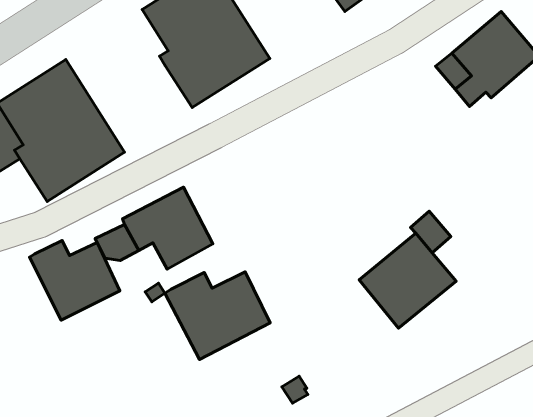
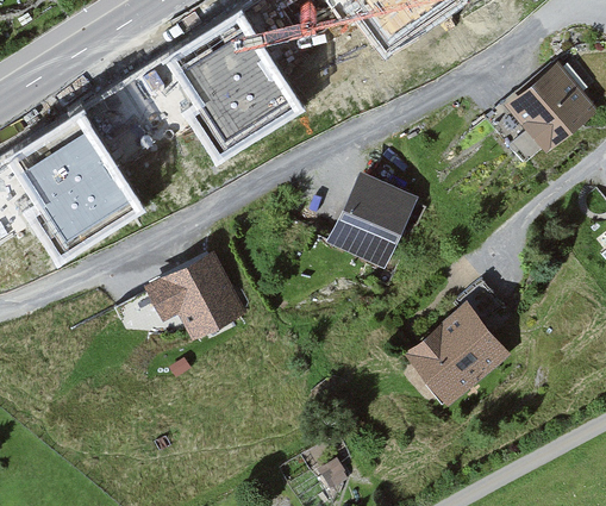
building: none -> [327,171,417,268]
building: [30,241,120,320] -> none
building: [165,272,270,360] -> none

